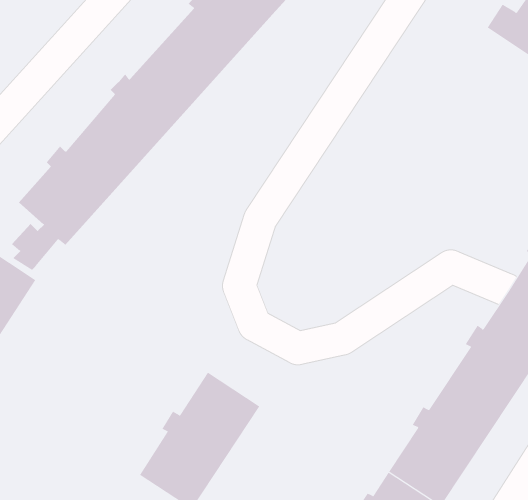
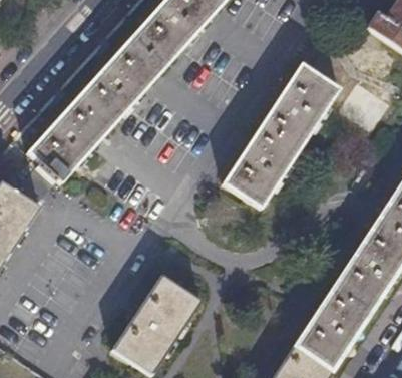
building: none -> [223,63,339,209]

